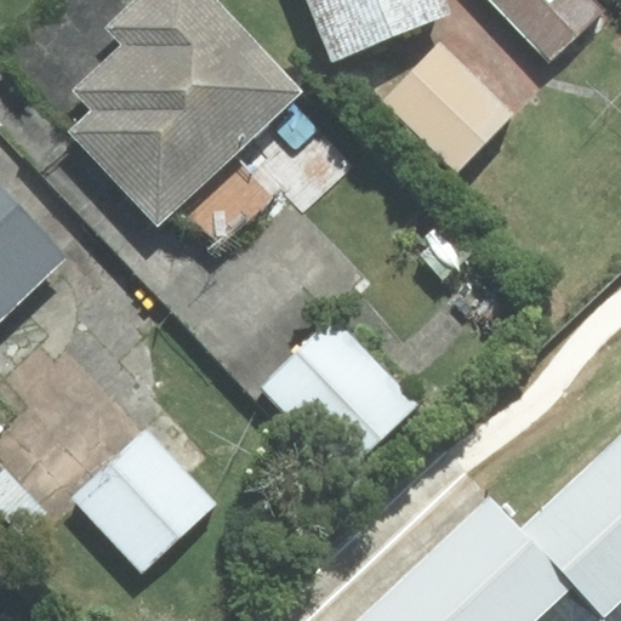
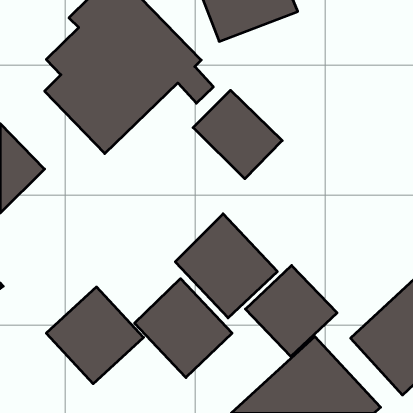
building: [376,45,509,177] -> [193,90,282,179]
building: none -> [245,265,337,357]
building: none -> [135,279,232,378]

